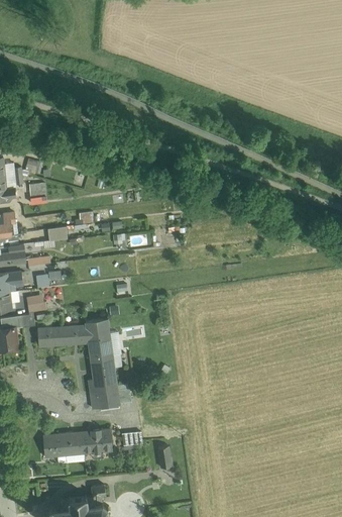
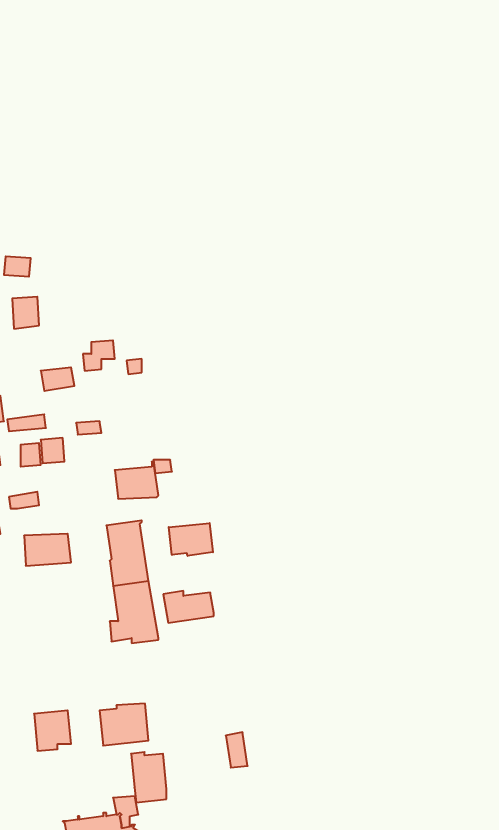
building: none -> [169,523,213,556]
building: [64,322,90,344] -> [115,462,158,499]
building: [90,390,120,409] -> [163,591,214,623]
building: [64,432,85,462] -> [131,752,166,802]

